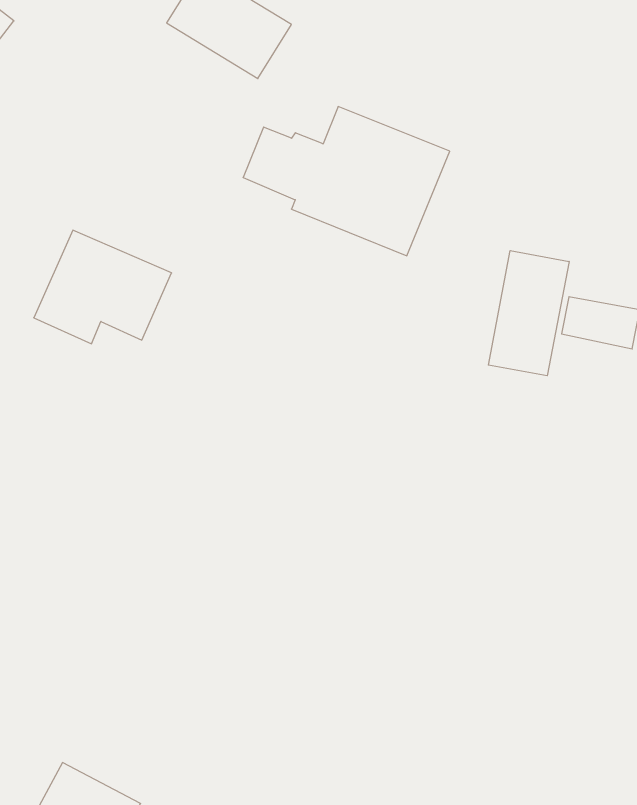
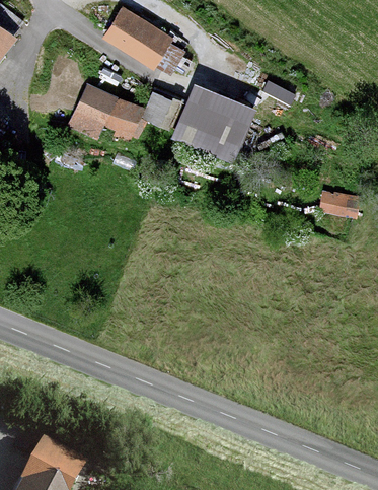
building: [34,230,172,344] -> [65,83,140,145]
building: [488,251,569,376] -> none

